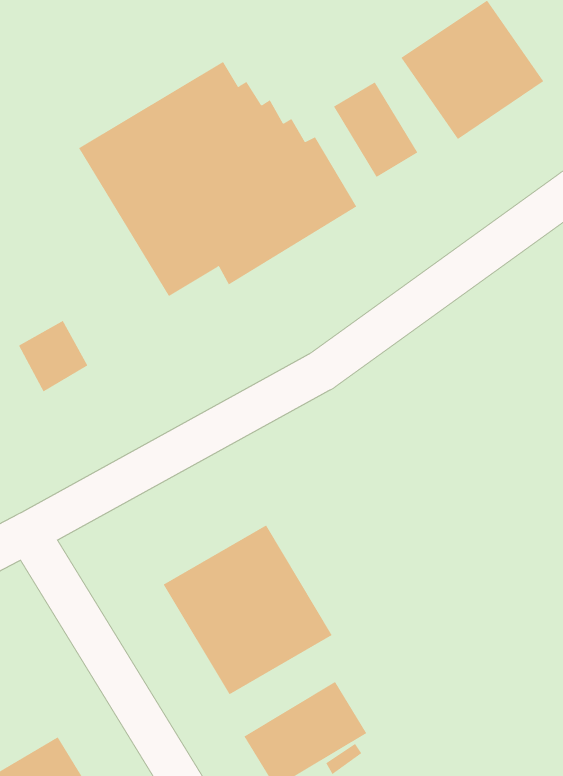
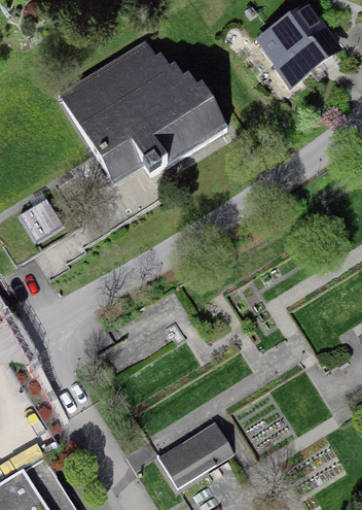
building: [333,82,418,178] -> none
building: [163,524,333,695] -> none

